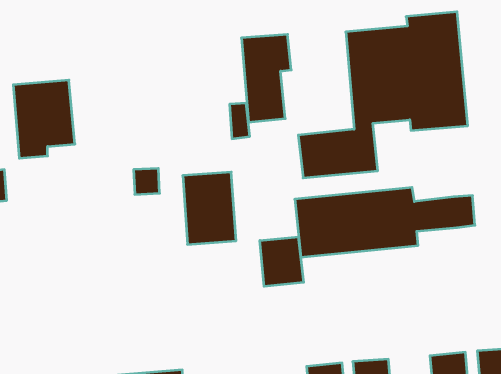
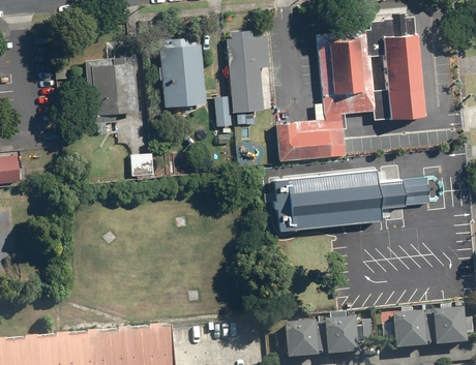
building: [13,80,75,158] -> [85,55,139,123]
building: [183,172,236,244] -> [159,43,206,107]
building: [260,237,304,286] -> none

